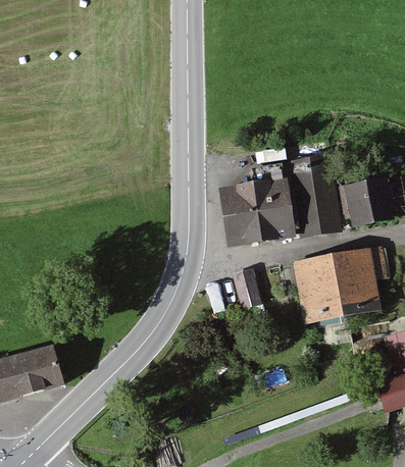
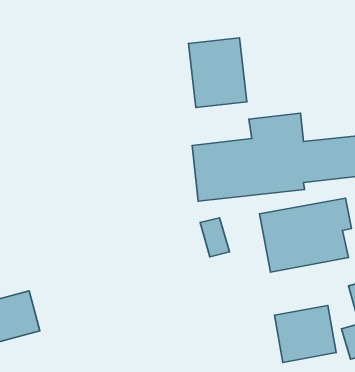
building: none -> [189,38,247,108]
building: none -> [274,306,336,362]

